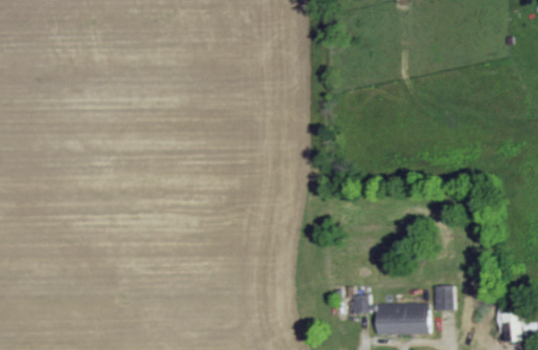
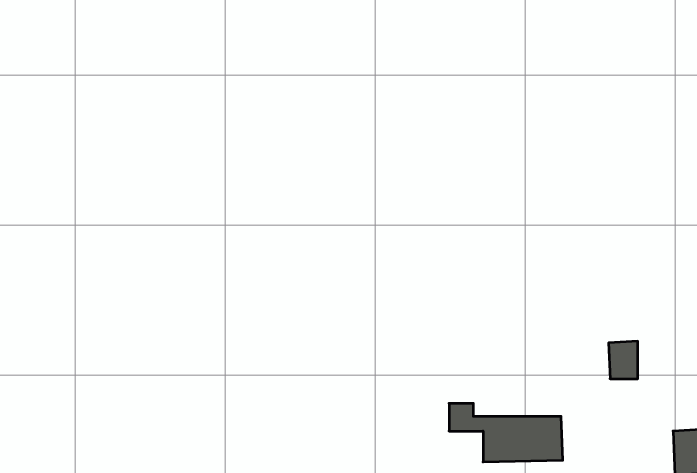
building: [434,285,454,311] -> [609,341,638,379]

